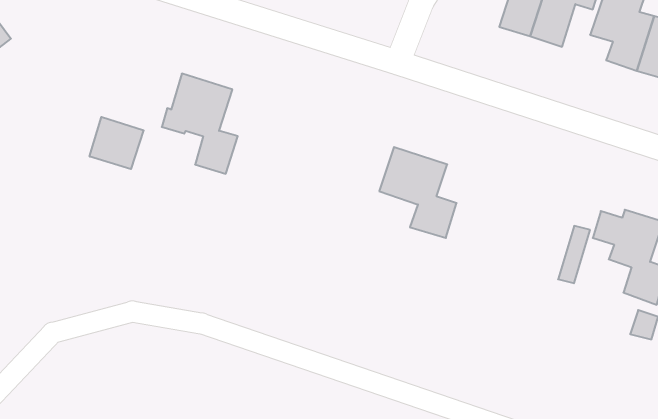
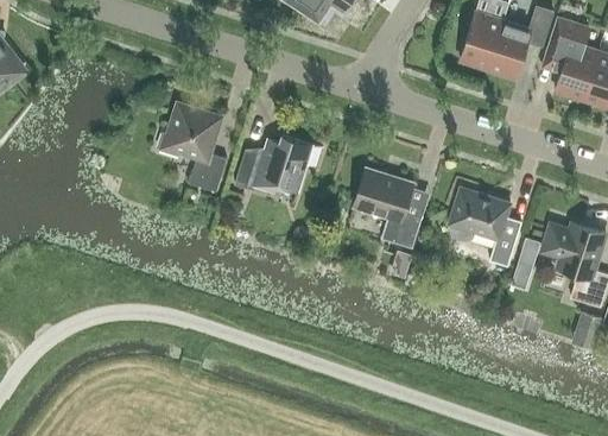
building: none -> [235,134,323,190]
building: [90,117,144,169] -> none
building: none -> [449,187,520,252]

